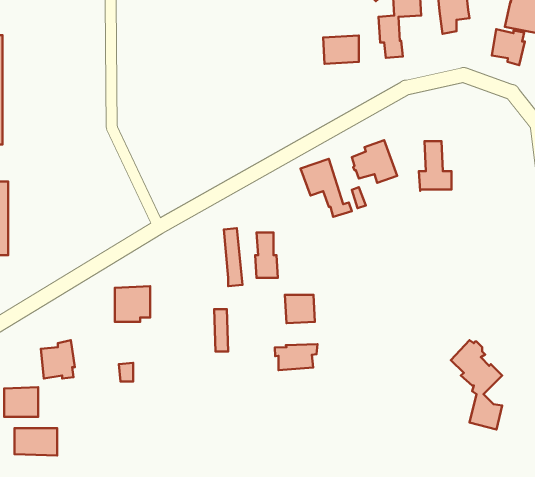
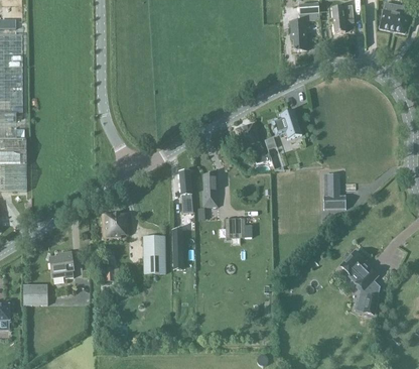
building: [492,29,525,65] -> none
building: [323,35,359,64] -> none
building: [419,141,451,191] -> [322,173,345,209]
building: none -> [143,235,164,273]
building: [275,344,318,370] -> none
building: [15,428,57,455] -> none

